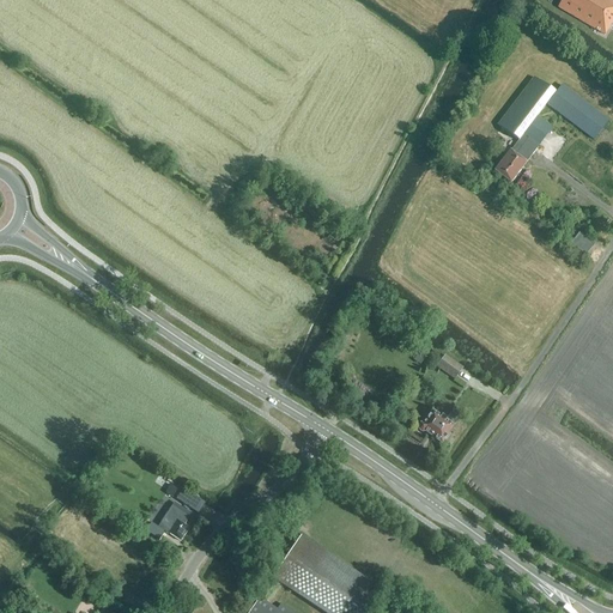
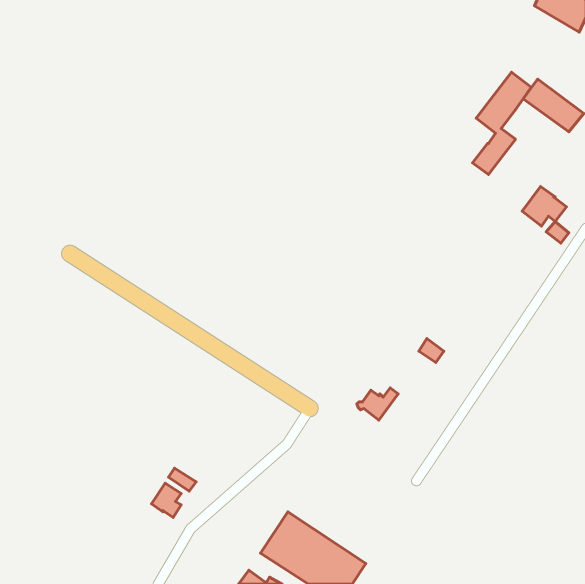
building: none -> [522,186,567,226]
building: [419,408,462,442] -> [357,388,398,420]

